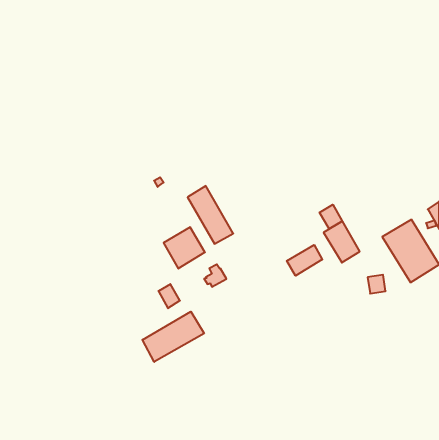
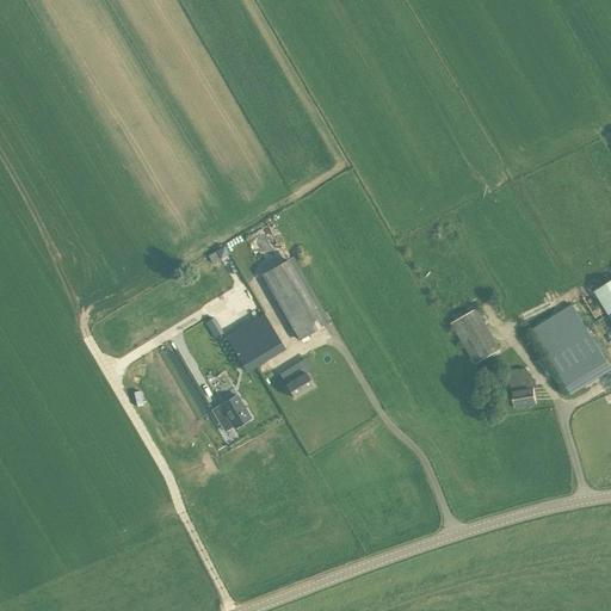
building: [320,205,342,229] -> none
building: [287,245,322,276] -> none
building: [142,312,204,362] -> none

